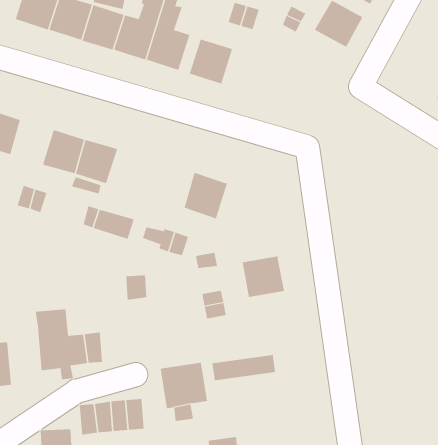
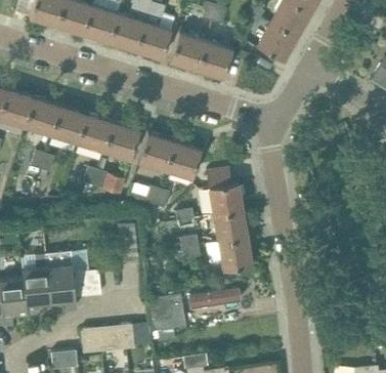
building: none -> [257,26,298,65]
building: none -> [197,41,232,79]
building: none -> [26,98,60,135]
building: none -> [103,122,139,159]
building: none -> [138,133,174,170]
building: none -> [206,168,243,214]
building: none -> [218,238,253,271]
building: none -> [23,254,50,314]

